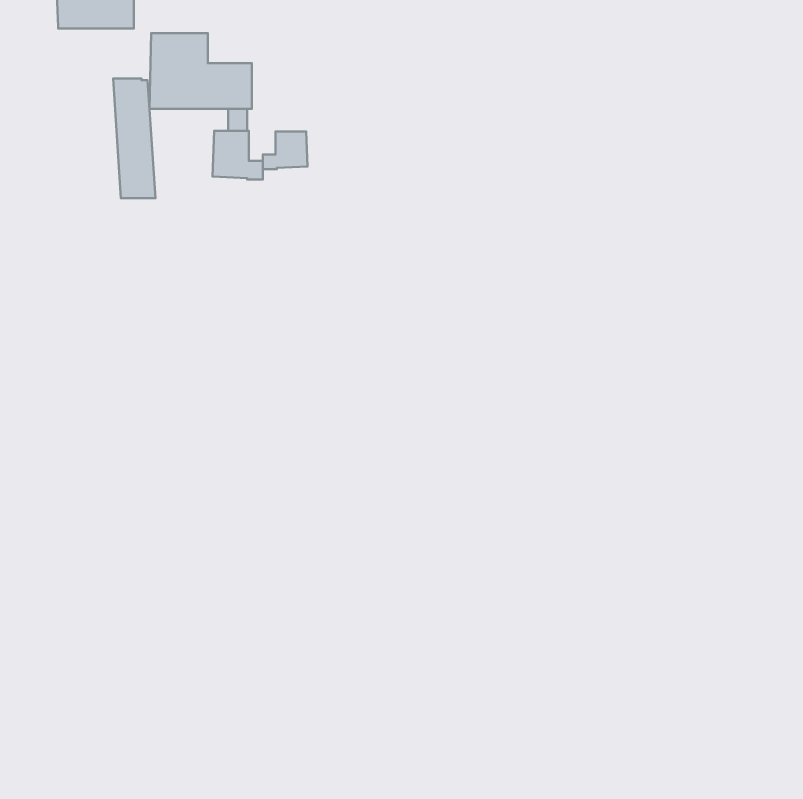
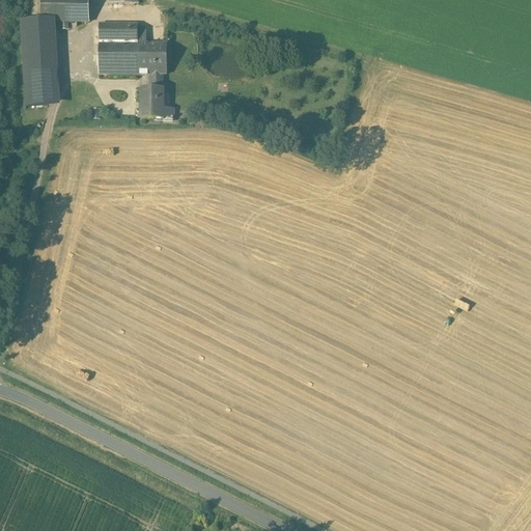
building: [113,78,156,198] -> [21,18,49,96]
building: [263,131,307,169] -> none

